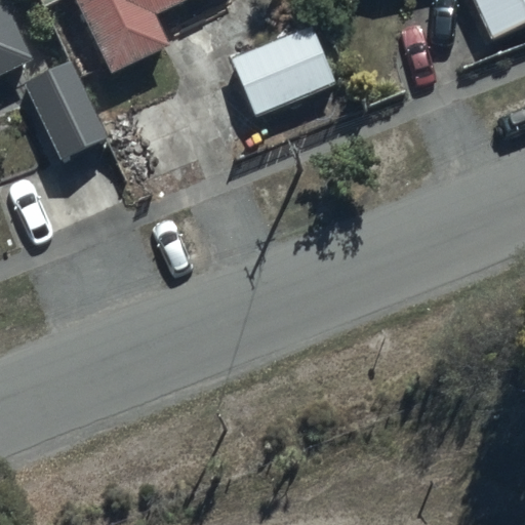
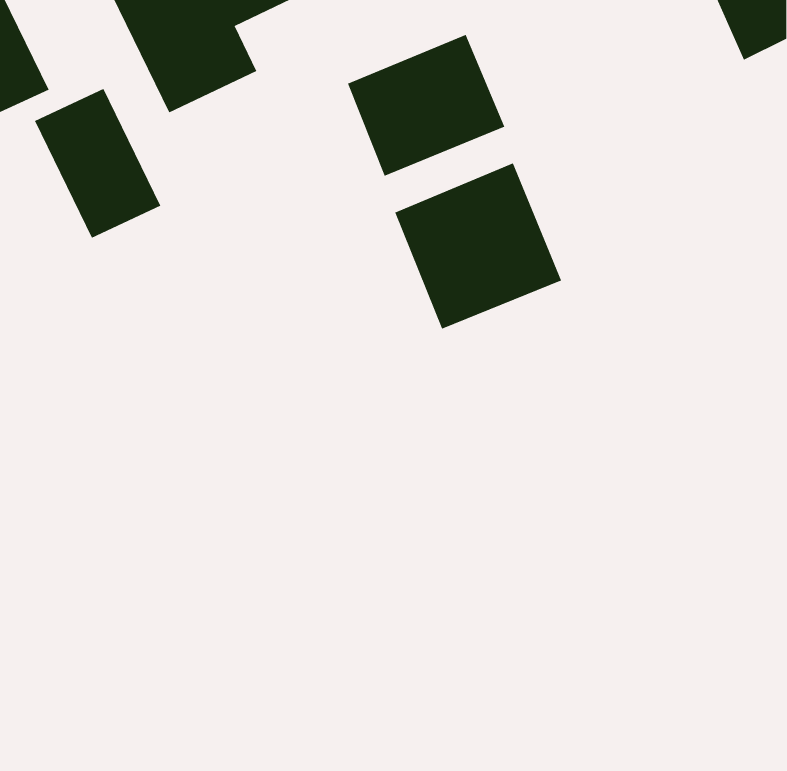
building: none -> [394,162,562,330]

